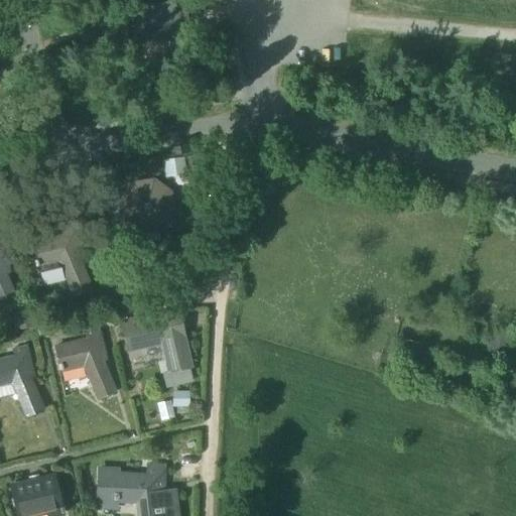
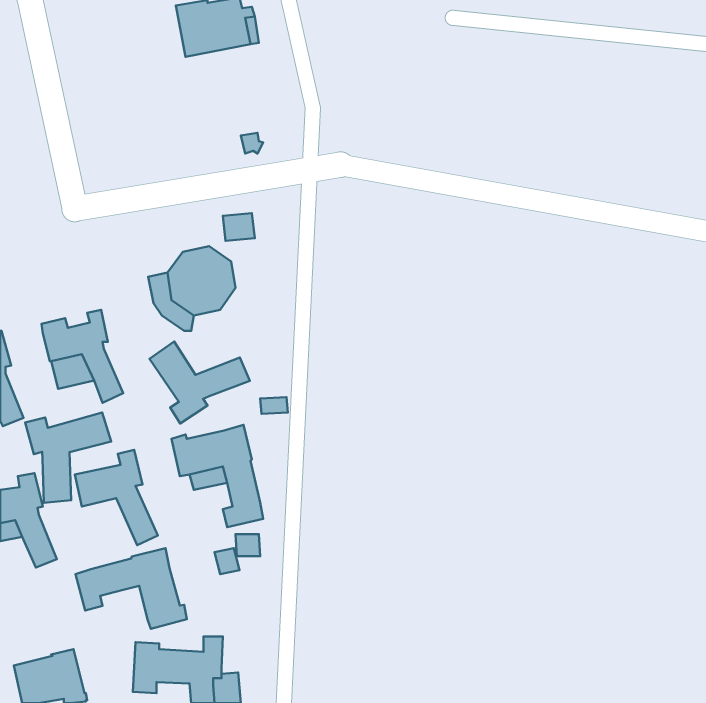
building: none -> [150,342,250,424]
building: none -> [25,413,111,503]
building: none -> [75,548,187,629]

